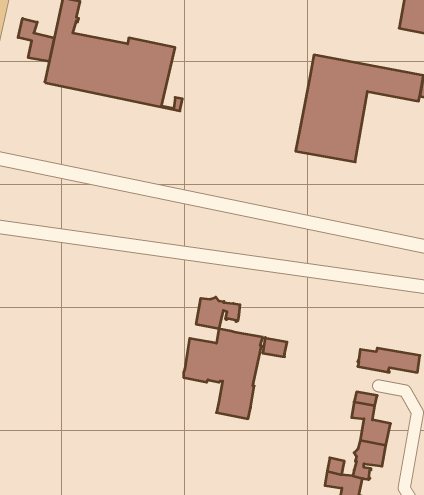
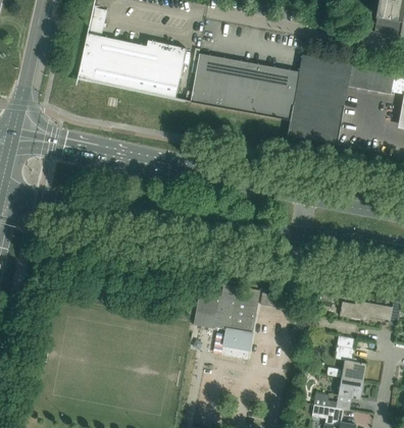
building: [18,18,54,62] -> none
building: none -> [191,53,300,119]
building: [196,297,240,329] -> none

